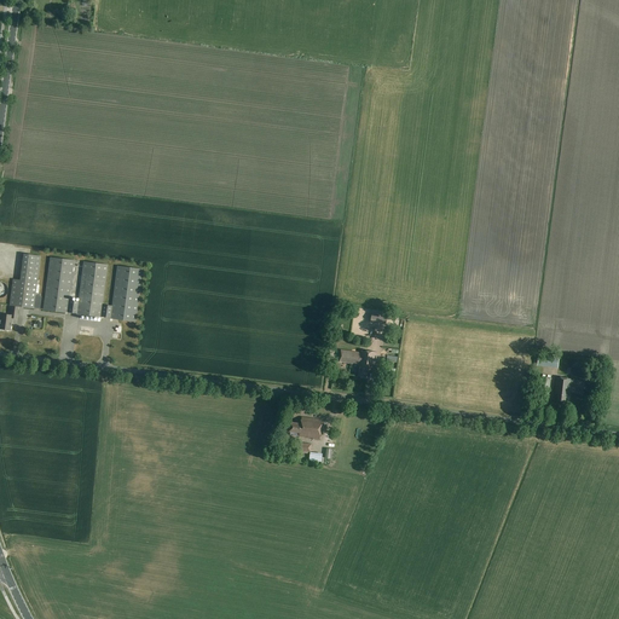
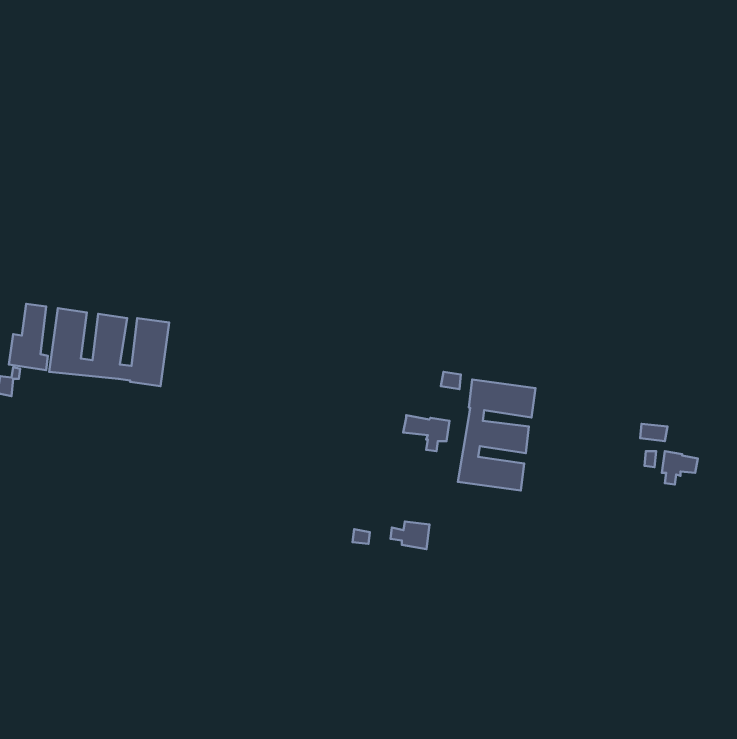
building: none -> [458,380,535,490]
building: [289,417,322,440] -> [390,522,429,549]

